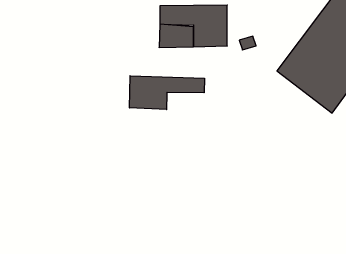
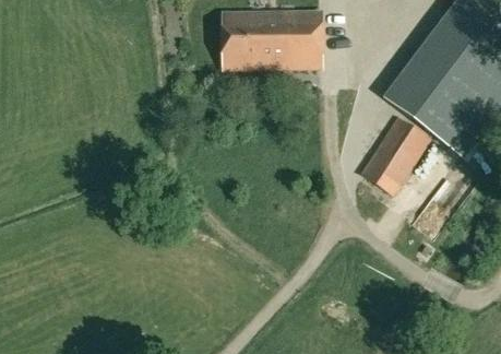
building: [130,76,204,110] -> none
building: none -> [361,117,430,193]

